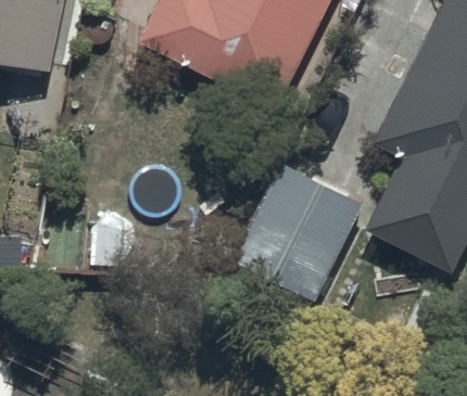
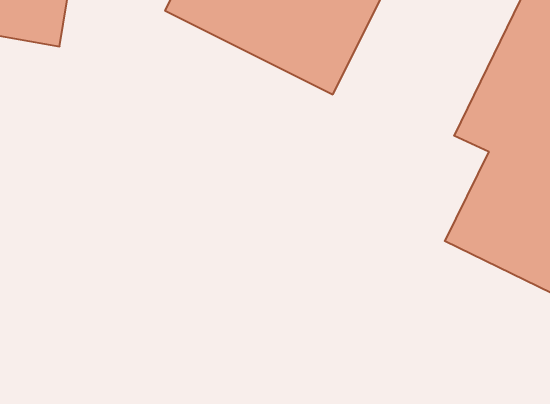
building: [232,165,363,302] -> none

